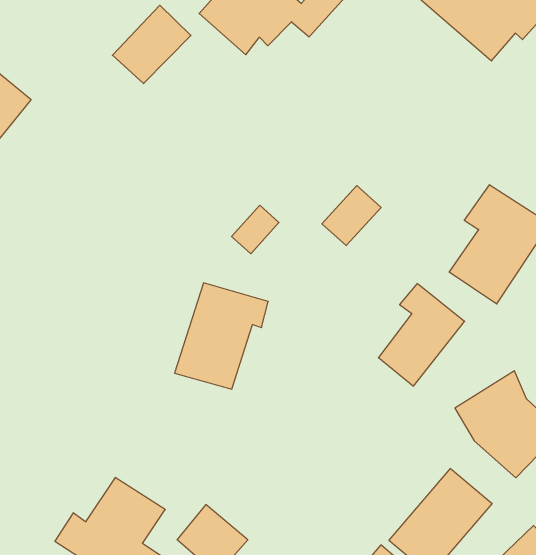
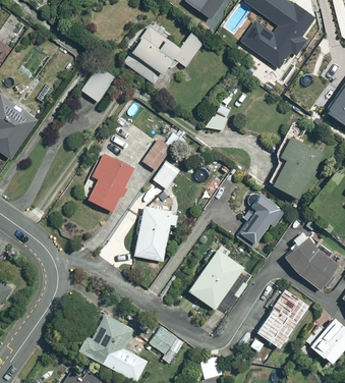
building: none -> [89,152,134,213]
building: [322,186,381,246] -> [140,138,171,170]
building: none -> [187,250,242,309]

